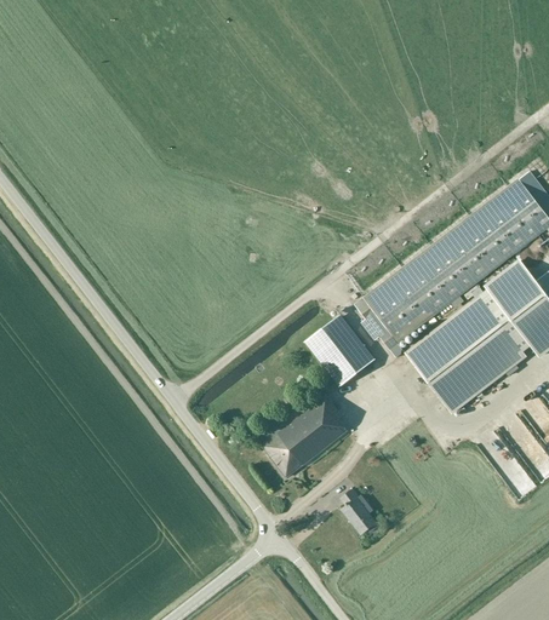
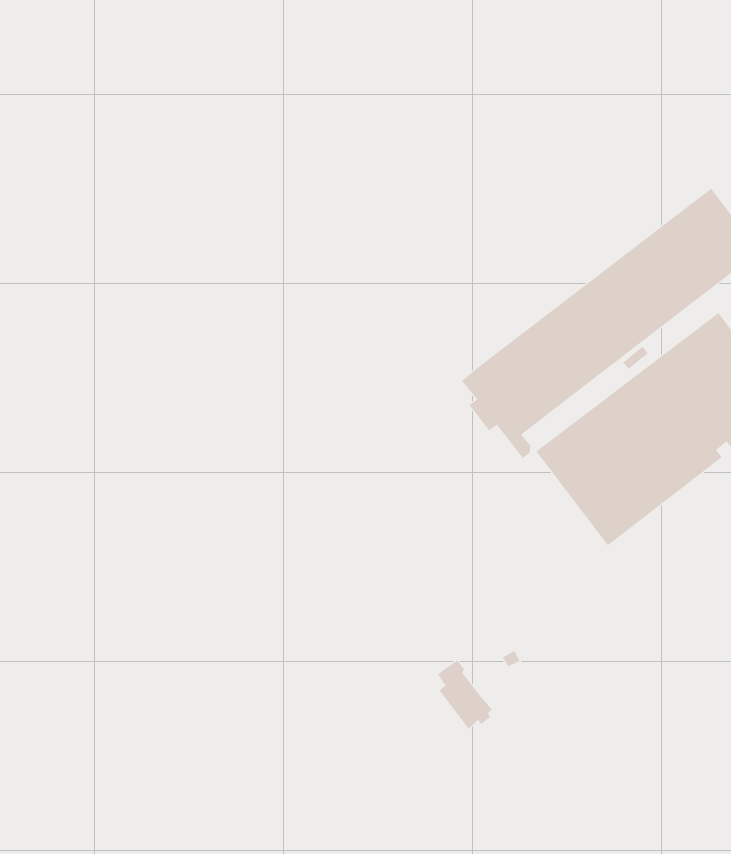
building: [307,312,374,384] -> none
building: [262,394,348,475] -> none

